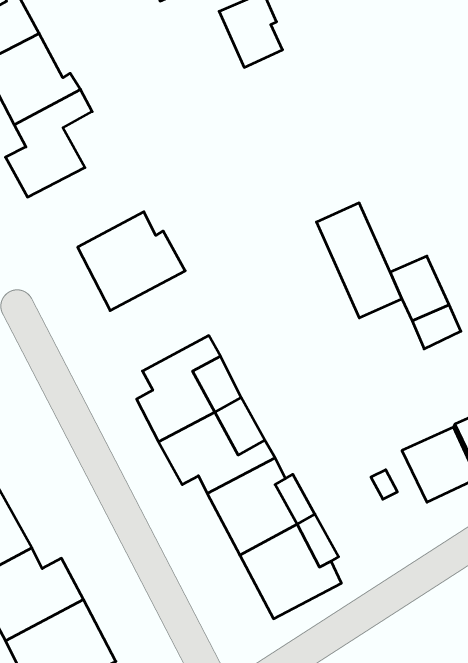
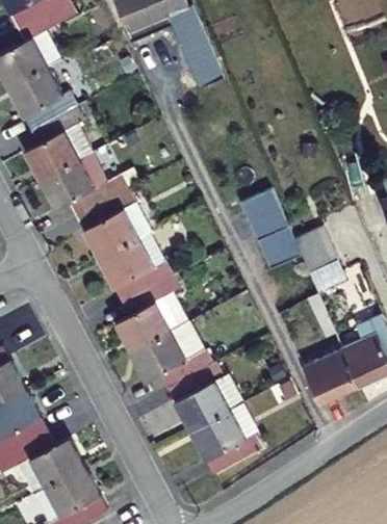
building: none -> [41,160,123,216]
building: none -> [99,233,169,304]

